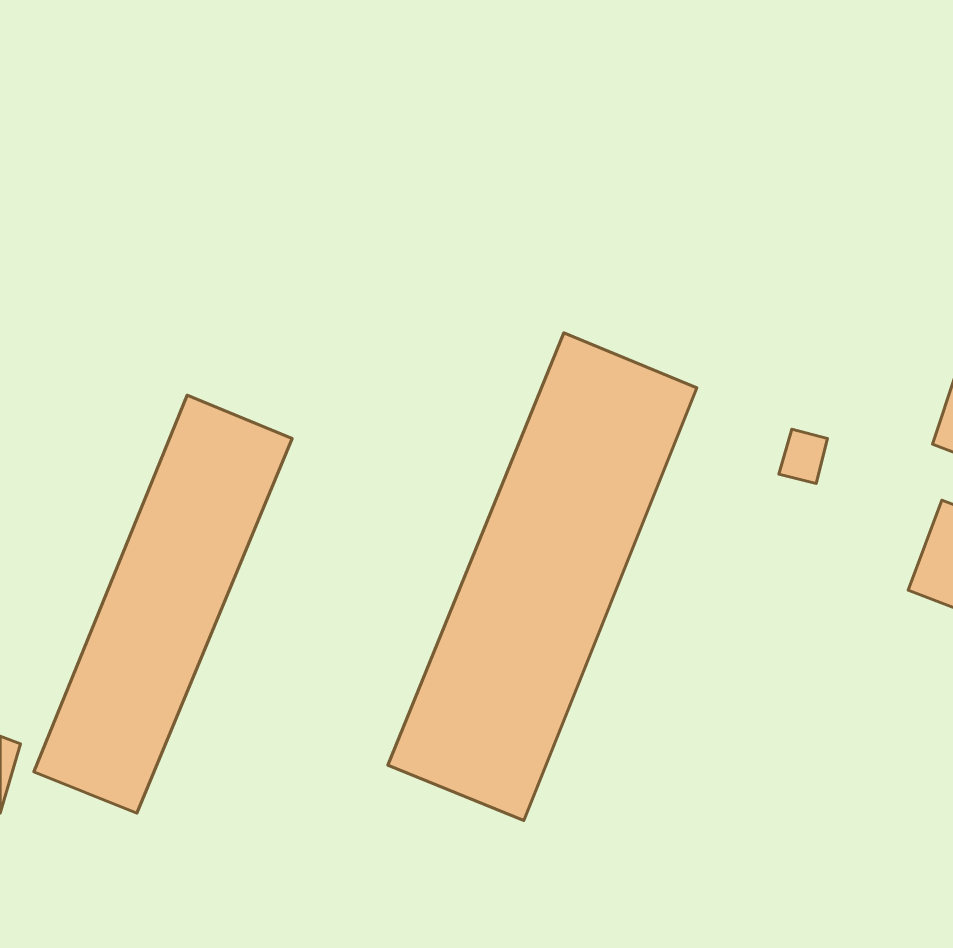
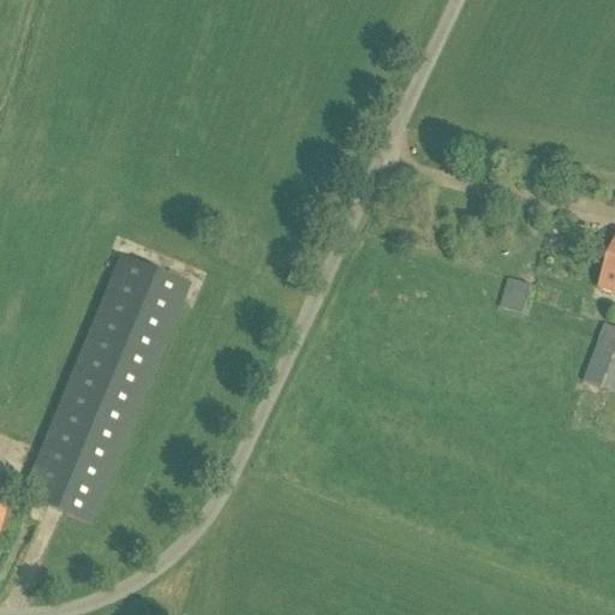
building: [388,333,697,820] -> none

